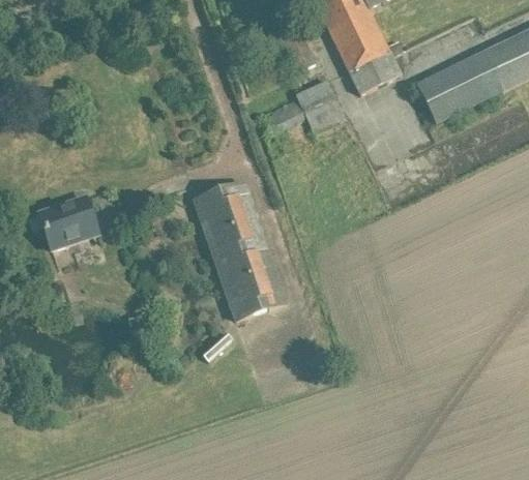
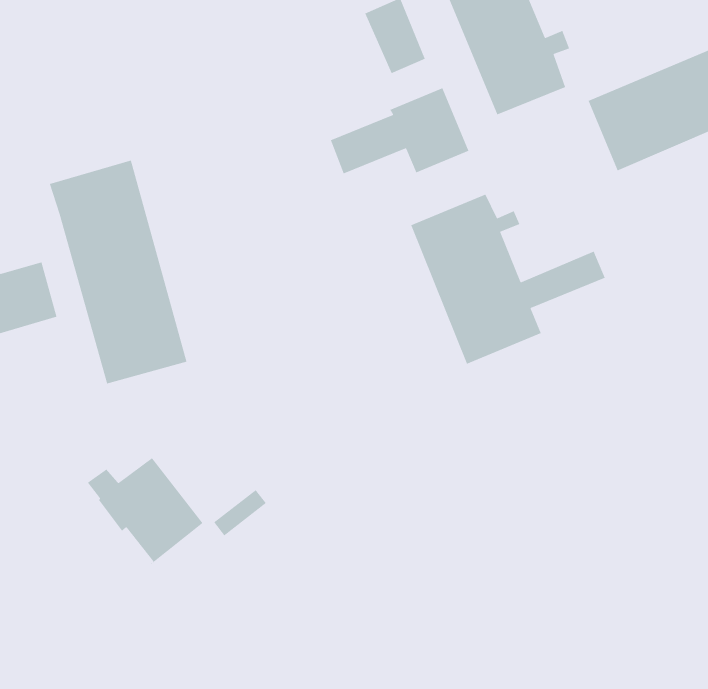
building: none -> [410,194,606,365]
building: [194,183,285,322] -> [49,159,187,385]
building: none -> [87,457,203,566]

